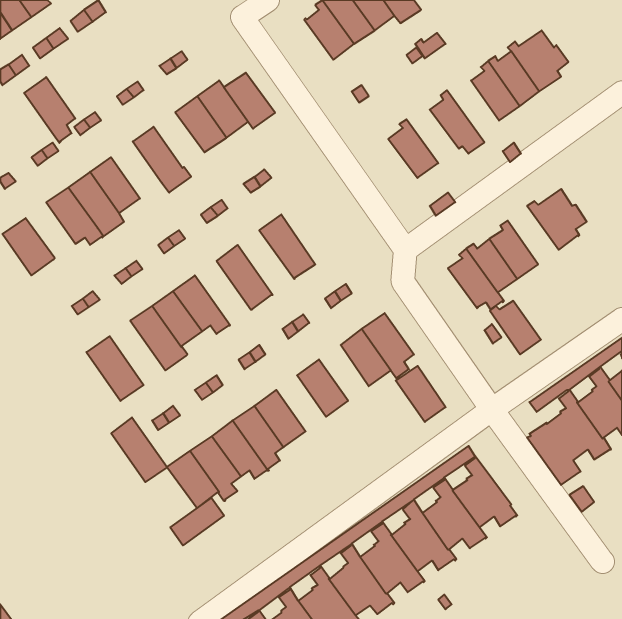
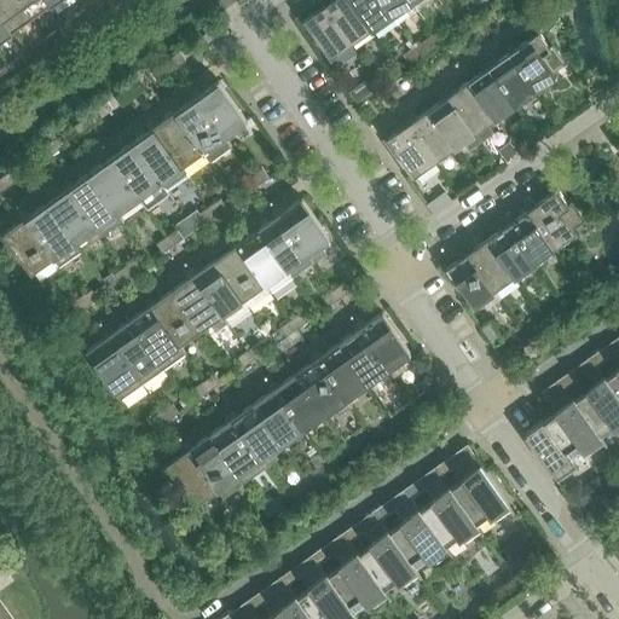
building: [224,73,275,129] -> [152,115,203,170]
building: [24,77,75,143] -> [110,144,161,209]
building: none -> [444,83,496,145]
building: none -> [404,112,456,166]
building: none -> [279,201,330,266]
building: none -> [25,204,81,270]
building: none -> [236,232,293,296]
building: none -> [193,262,249,326]
building: [490,301,541,354] -> [504,213,555,266]
building: [396,366,446,422] -> [317,346,366,401]
building: none -> [274,376,324,432]
building: [111,417,167,482] -> [109,322,164,386]
building: [170,498,224,545] -> none

